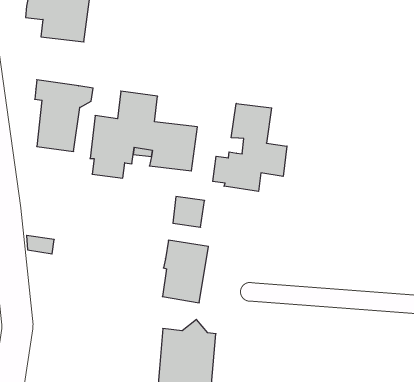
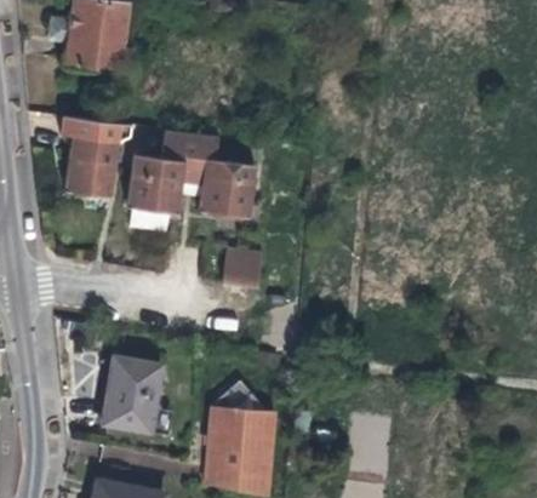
building: [213,103,287,191] -> none
building: [162,240,208,303] -> [107,355,161,429]

